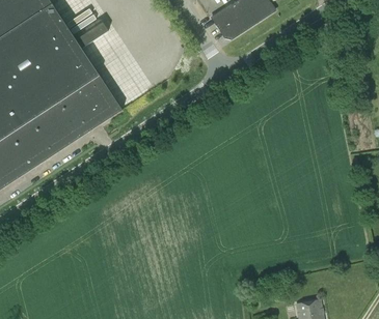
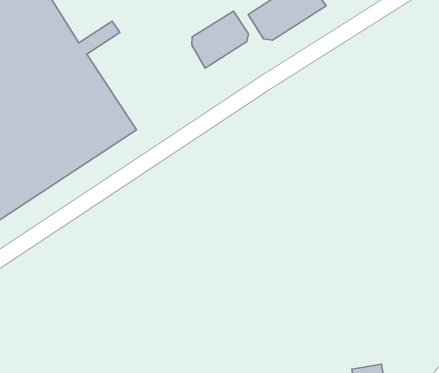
building: none -> [192,11,248,68]

